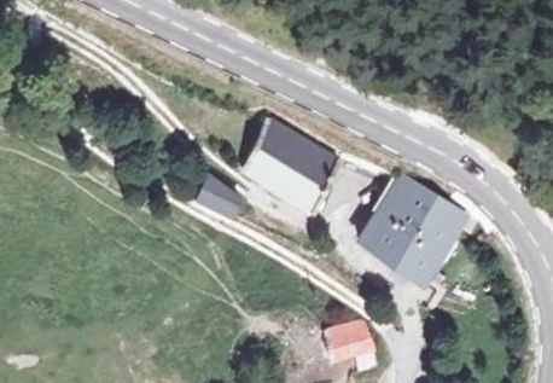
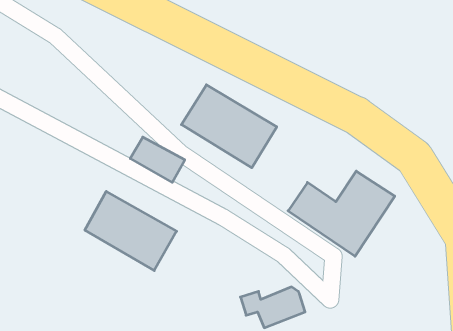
building: [373,180,425,233] -> none
building: none -> [85,191,177,271]

